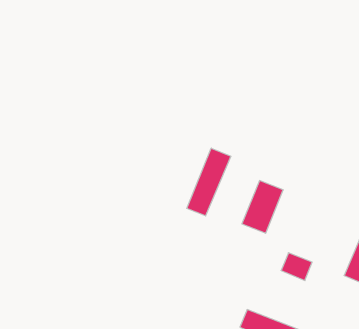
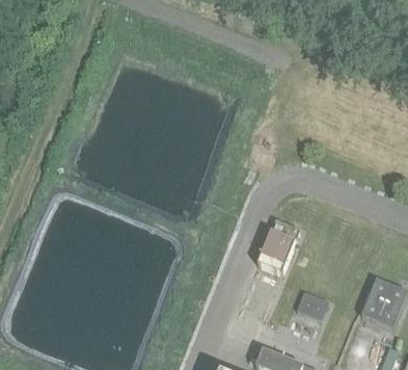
building: [187,148,231,216] -> none

